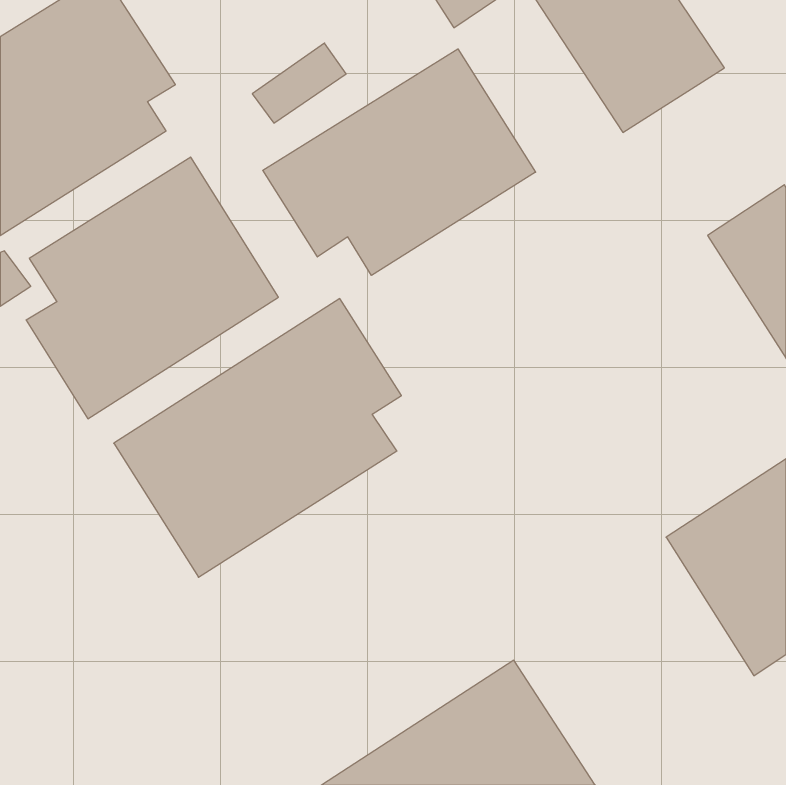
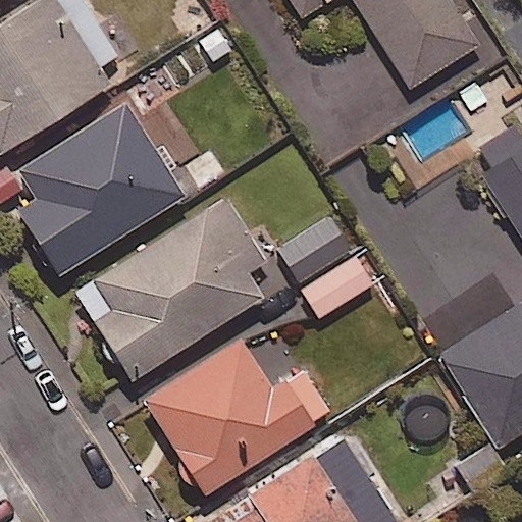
building: [263,49,536,275] -> none
building: none -> [275,217,373,319]
building: none -> [144,341,331,497]

